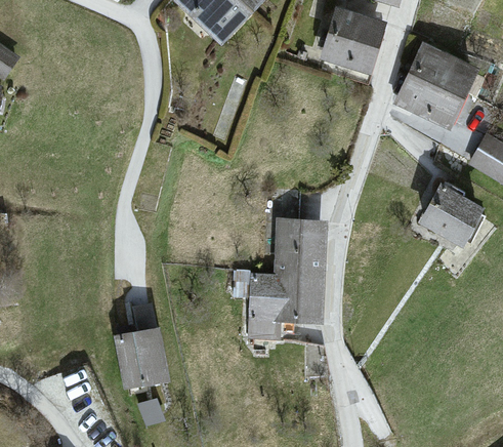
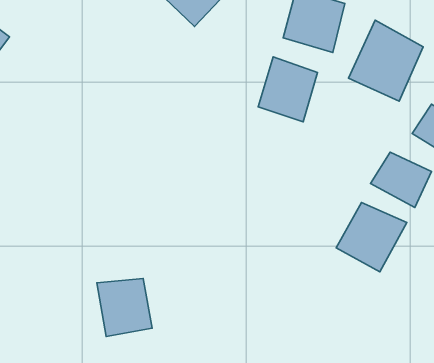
building: none -> [258,57,317,122]
building: [245,220,328,340] -> none
building: none -> [336,202,407,272]

